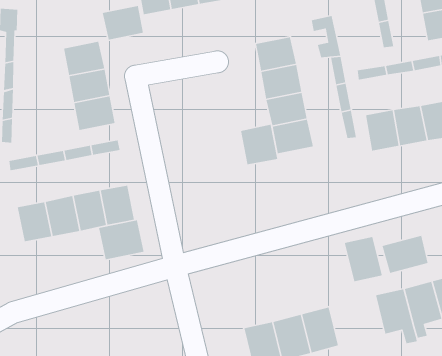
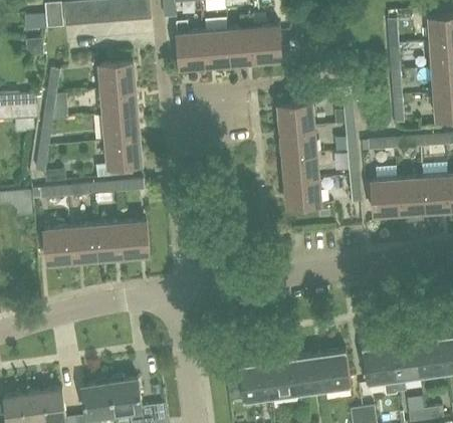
building: [102,5,144,40] -> [98,62,135,91]
building: [240,124,278,165] -> none
building: [98,220,144,260] -> none
building: [381,235,429,274] -> none
building: [344,236,383,282] -> [318,352,351,392]

